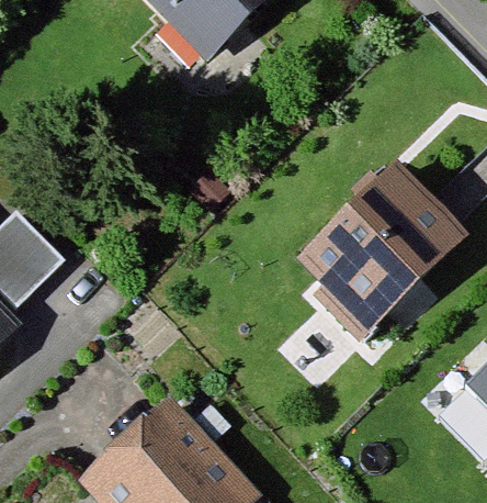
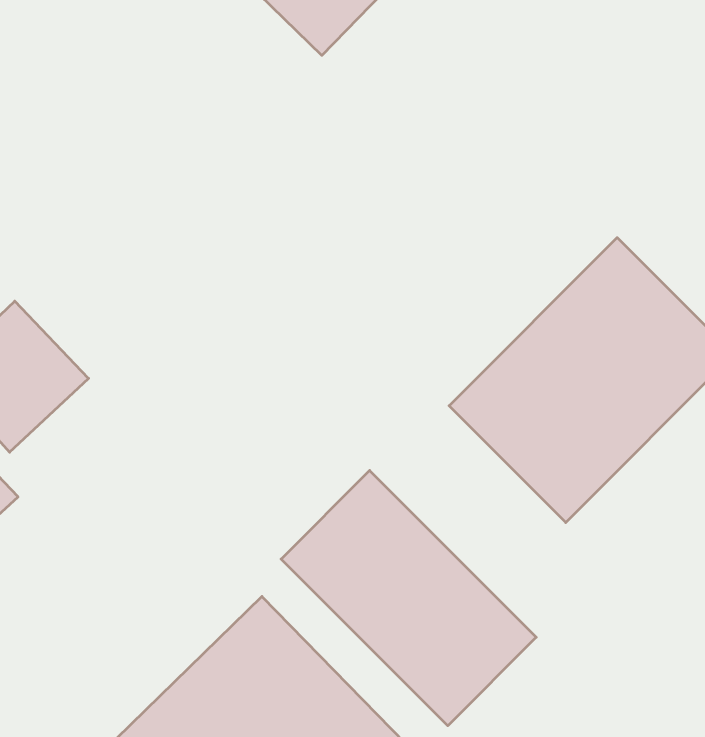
building: none -> [281,470,536,726]

